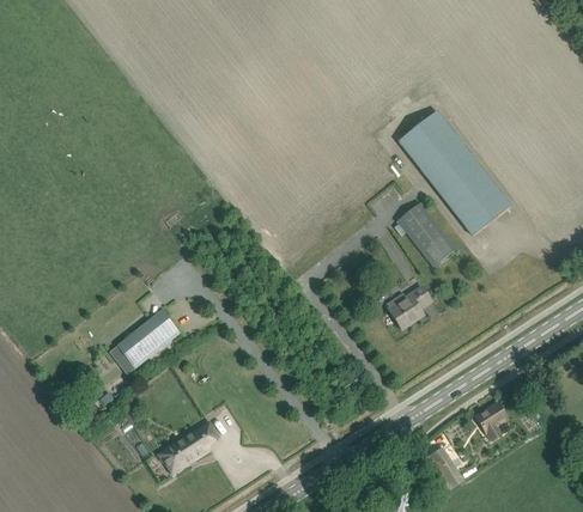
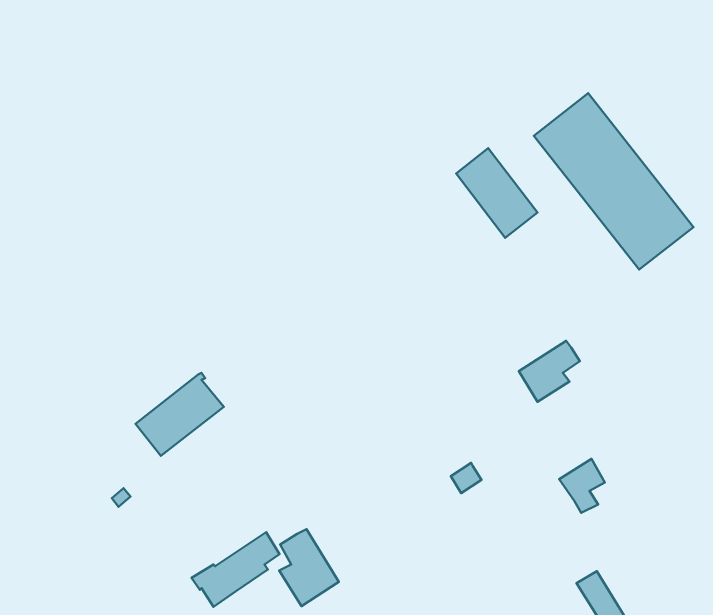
building: [399,202,456,266] -> [456,148,537,238]
building: [474,402,506,440] -> [559,459,605,513]
building: none -> [279,529,339,606]

